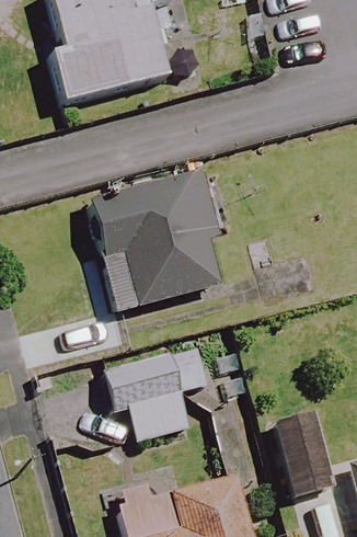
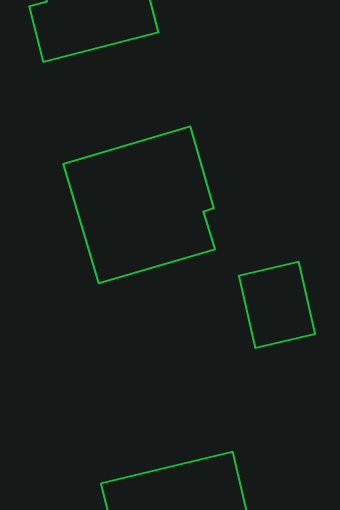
building: [97,345,209,443] -> none
building: [264,416,335,496] -> [239,262,315,348]

